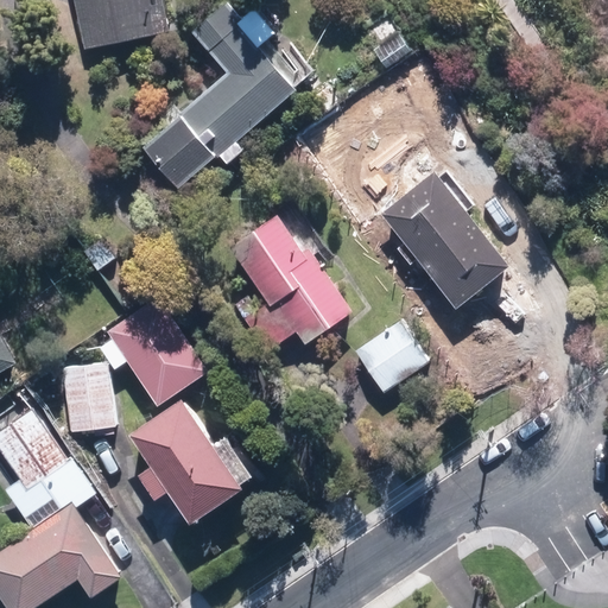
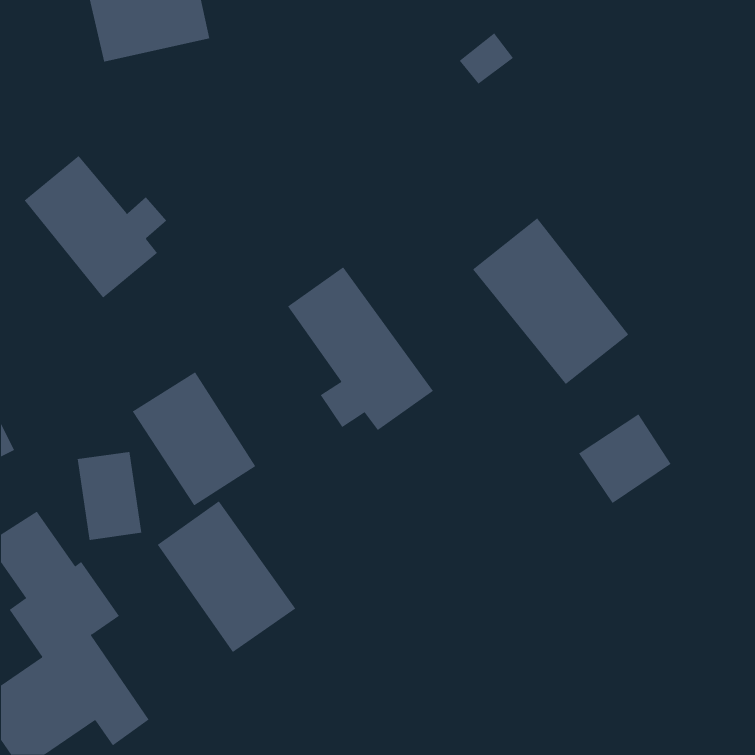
building: [140,6,294,189] -> none
building: none -> [24,155,167,298]
building: [355,319,430,392] -> [578,413,671,504]

